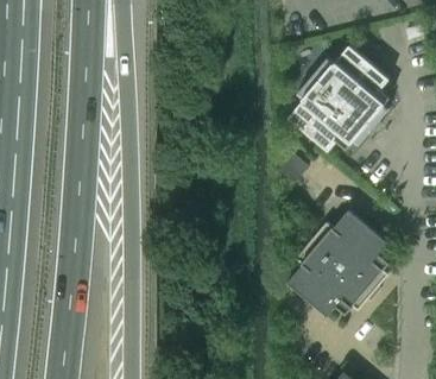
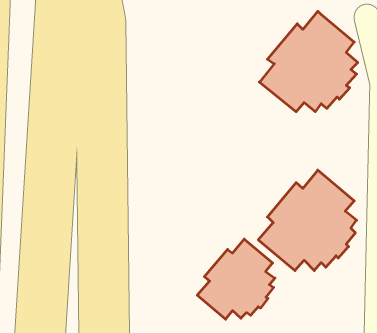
building: none -> [197,239,275,319]

